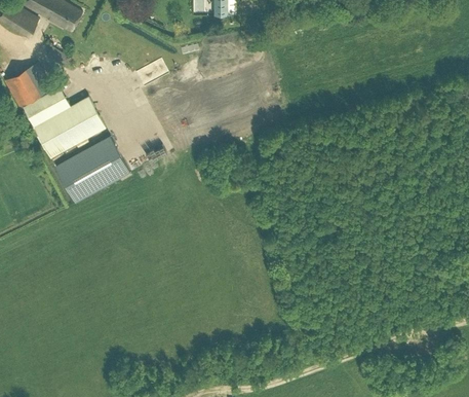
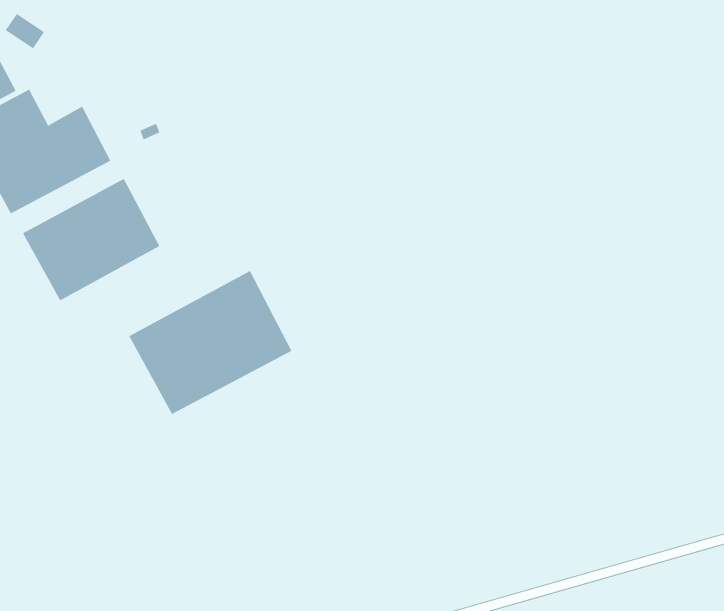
building: none -> [129,270,292,415]

